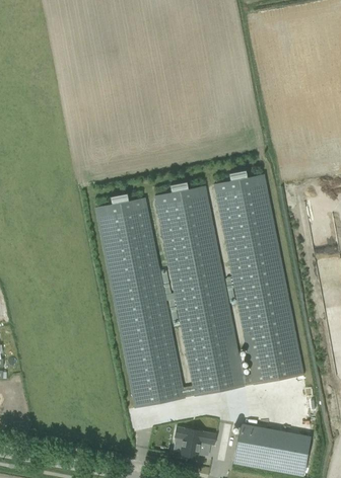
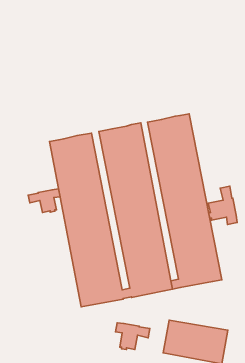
building: none -> [208,186,237,225]
building: none -> [28,189,60,212]

